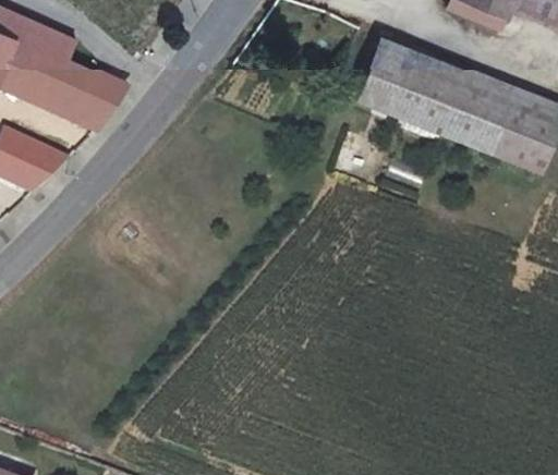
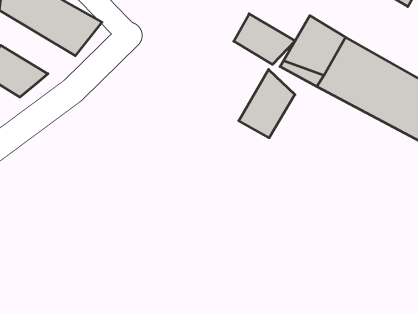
building: none -> [234,14,295,64]
building: none -> [239,69,295,138]

